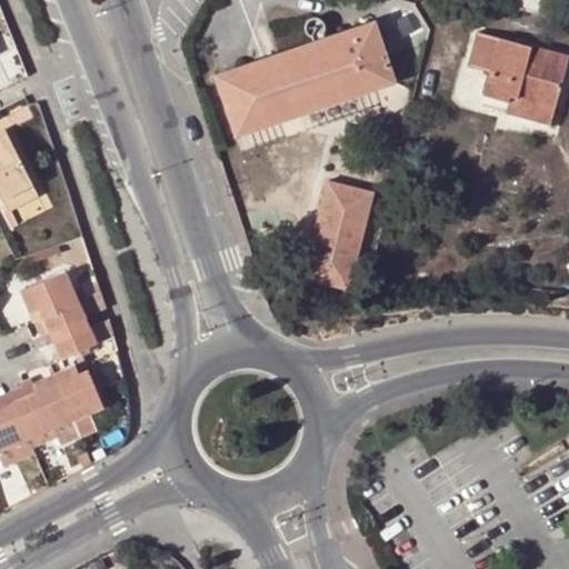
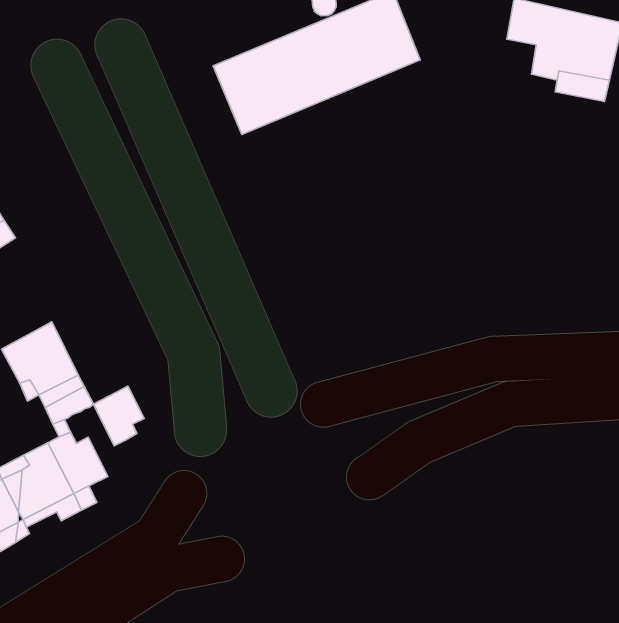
building: [302,179,372,289] -> none
building: none -> [93,386,144,446]

